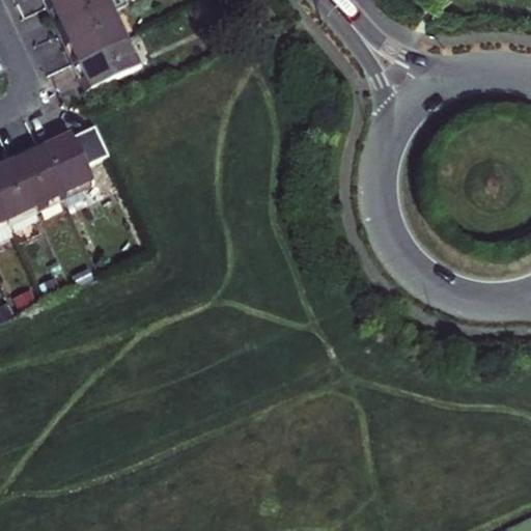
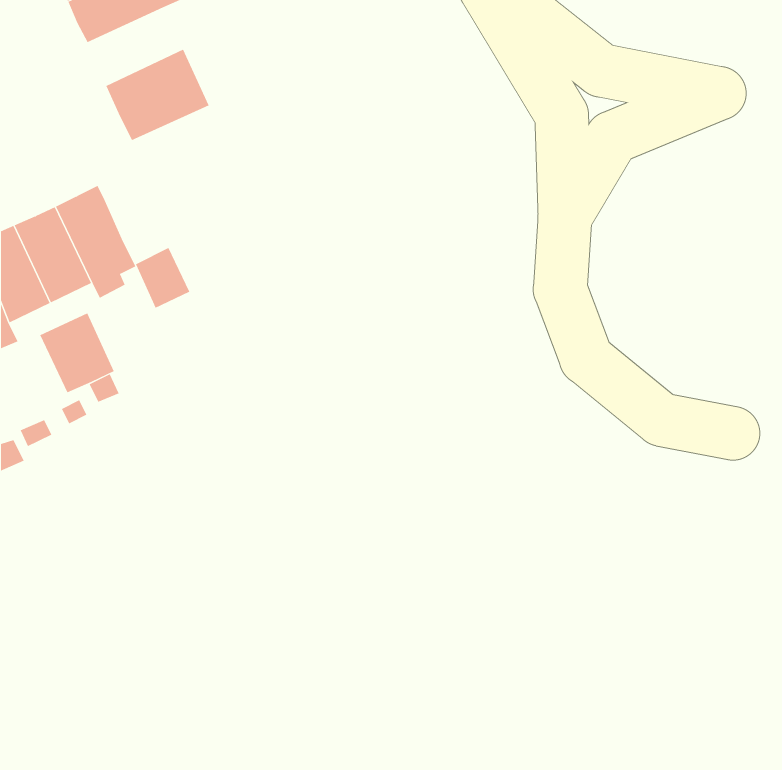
building: [59,5,124,58] -> none
building: [71,122,108,164] -> [135,247,190,309]
building: none -> [39,312,114,393]

